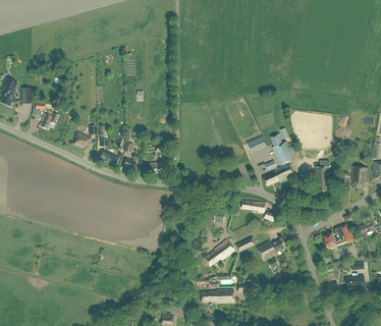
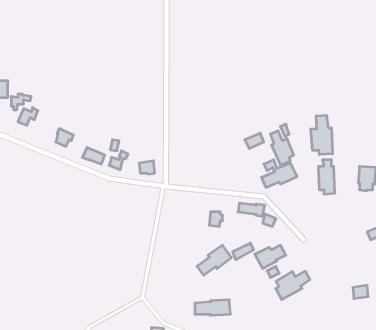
building: none -> [311,115,333,155]
building: [324,222,355,248] -> none
building: none -> [276,271,310,300]

